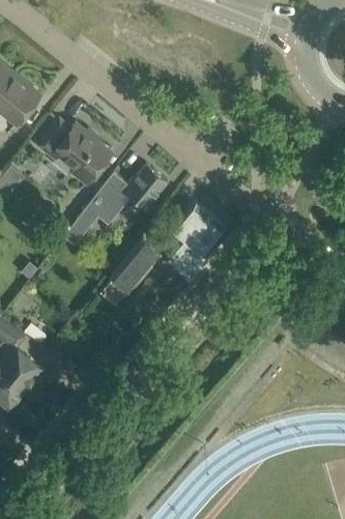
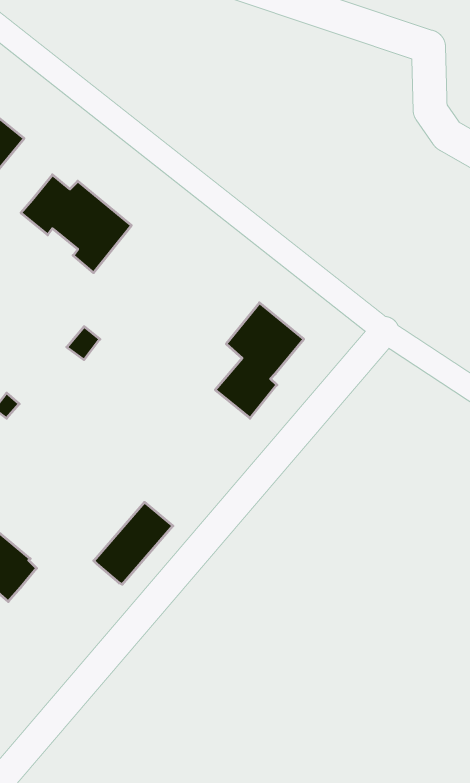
building: [91,164,167,223] -> none
building: [110,239,162,293] -> [94,502,173,584]

